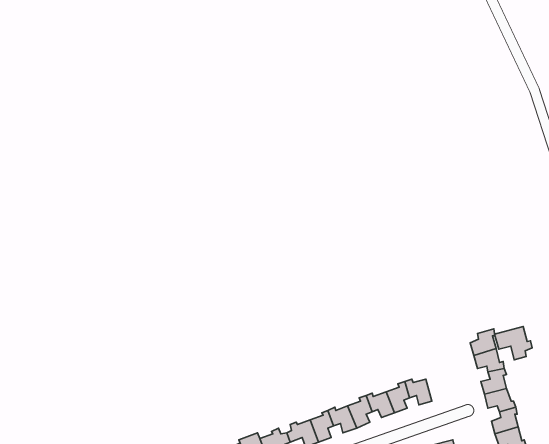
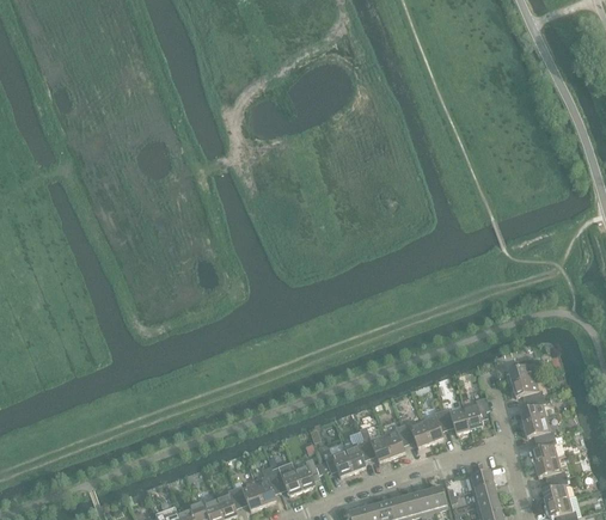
building: [495,327,532,360] -> none
building: none -> [461,396,488,429]

